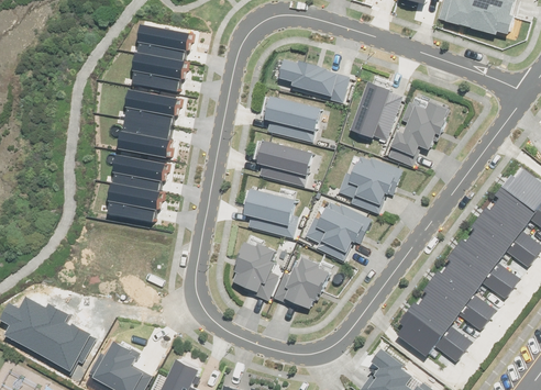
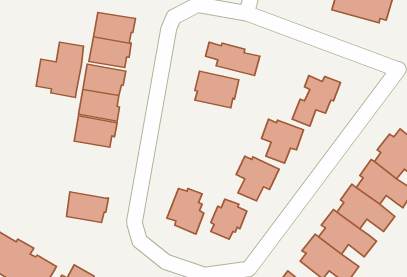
building: none -> [36,42,83,97]
building: [353,82,399,138] -> none
building: [257,140,312,187] -> none
building: [109,183,162,222] -> [66,192,108,223]
building: [245,188,295,235] -> none

